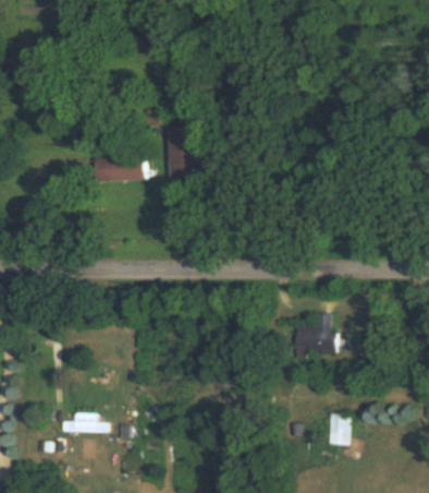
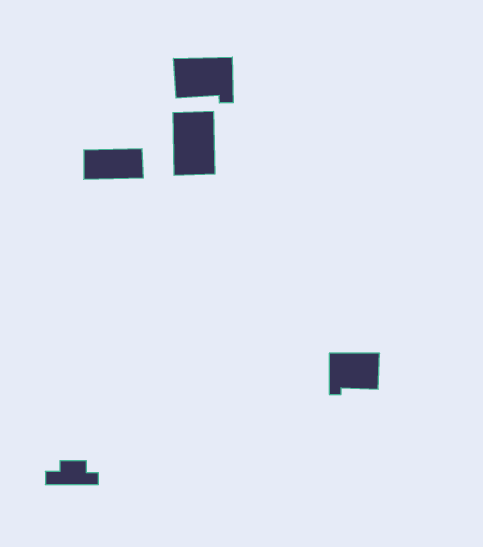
building: none -> [174,57,233,103]
building: [330,413,351,441] -> none

